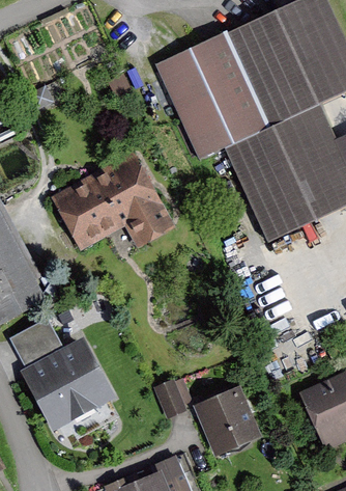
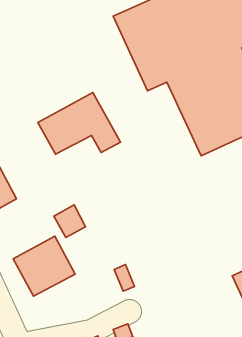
building: [20,319,60,360] -> [54,205,86,237]
building: [199,390,255,449] -> none

